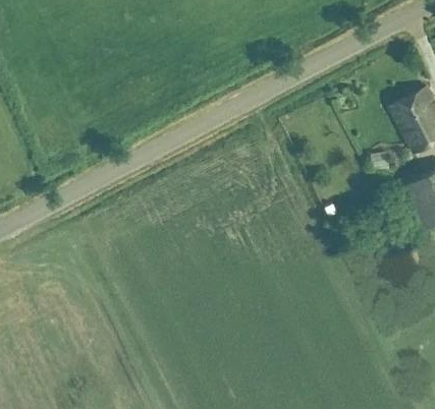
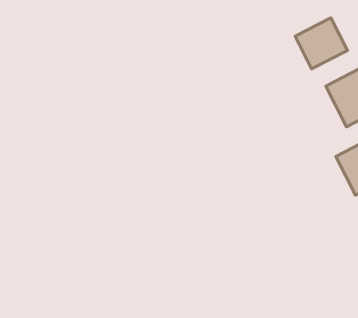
building: none -> [295,18,348,69]

